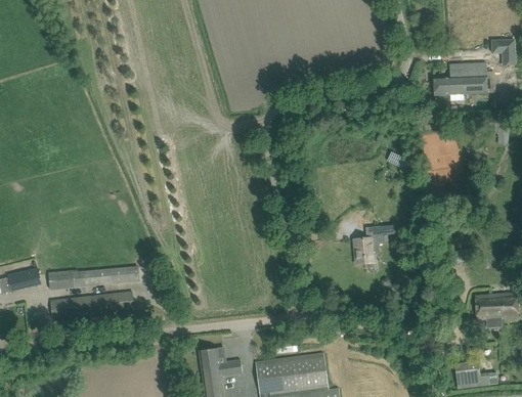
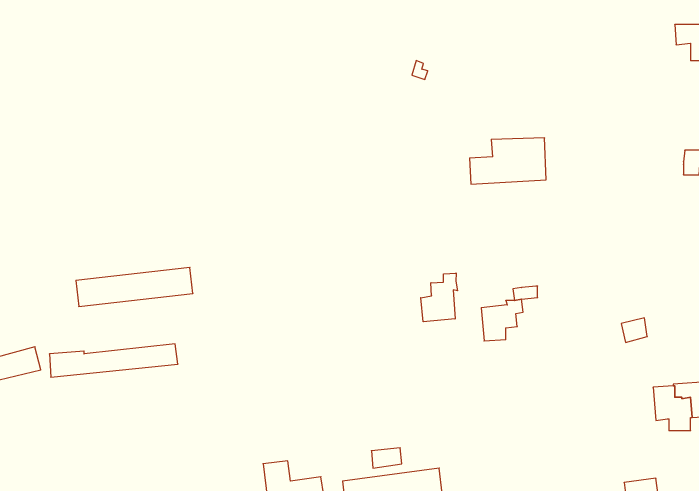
building: [433,62,487,95] -> [470,138,546,184]
building: none -> [421,273,458,322]
building: [50,291,133,318] -> [76,267,193,306]

